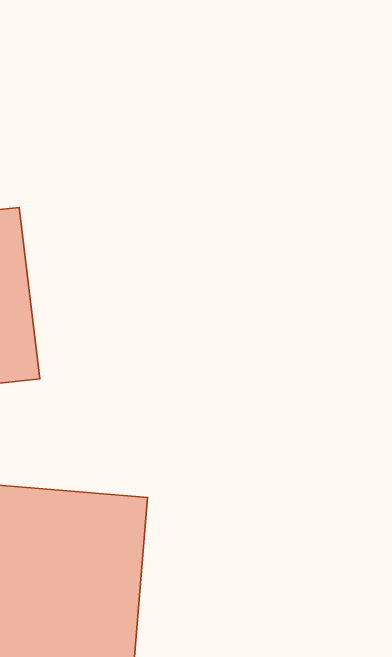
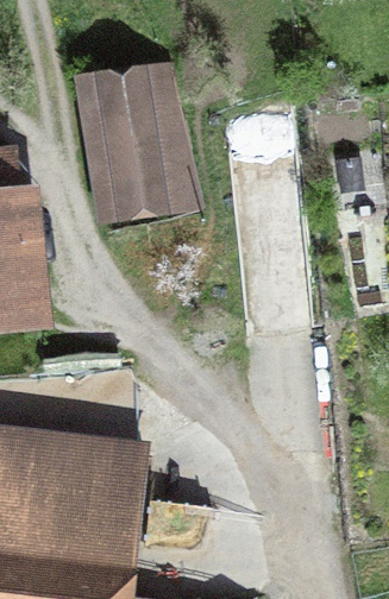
building: none -> [75,57,193,226]

